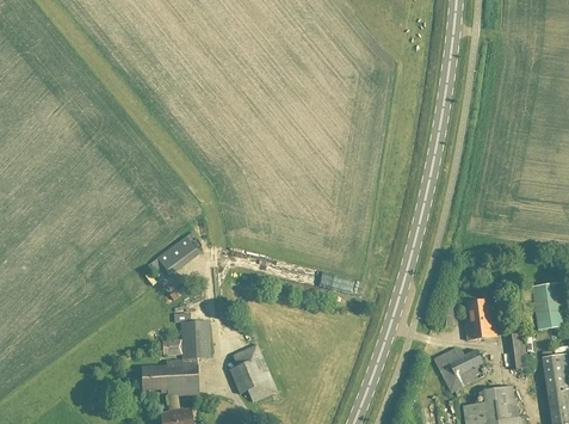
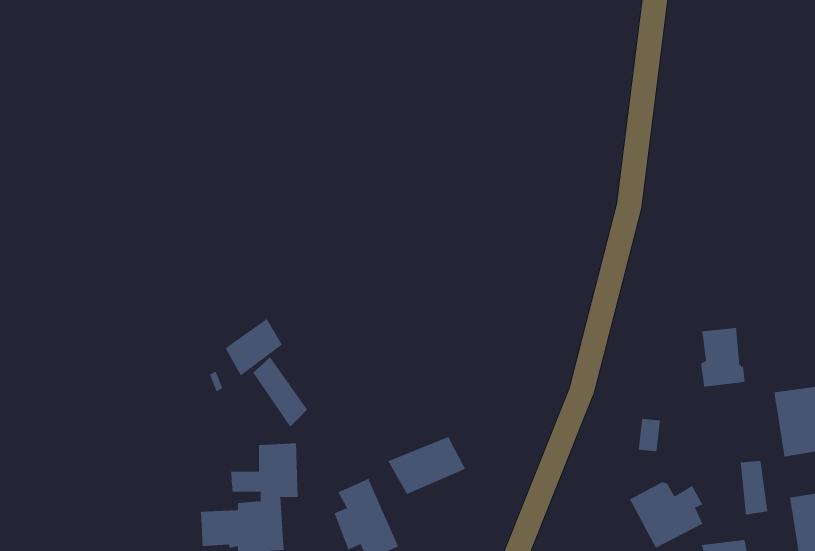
building: none -> [253,357,308,427]
building: [464,299,495,339] -> [700,328,746,387]
building: none -> [388,436,466,495]

